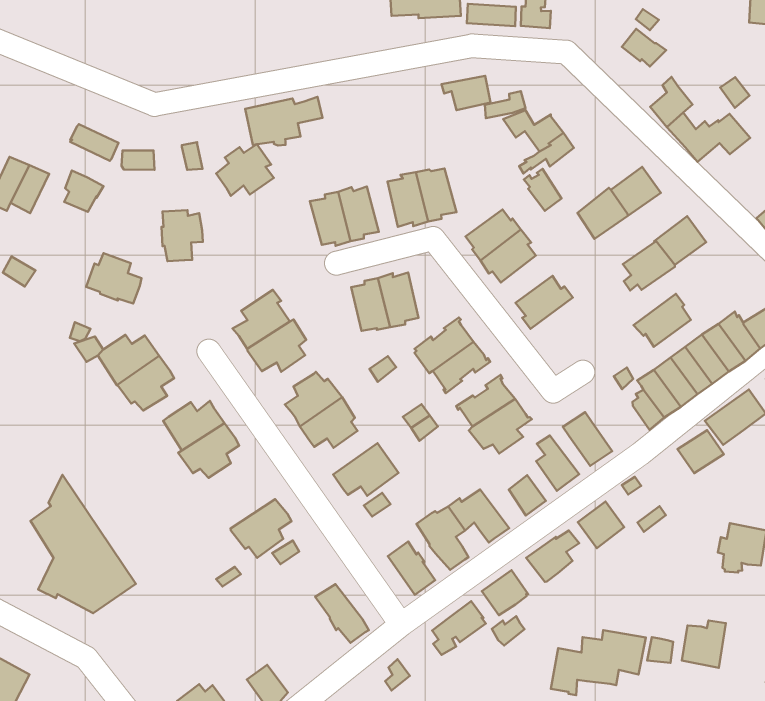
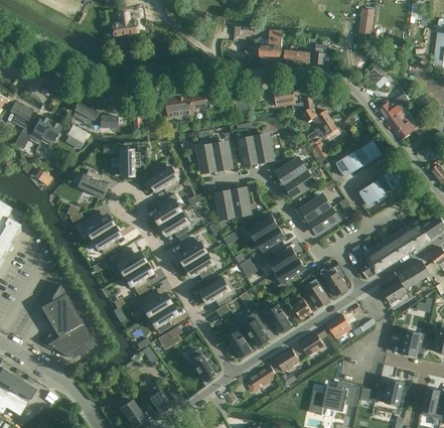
building: [216,144,274,196] -> [149,166,179,192]
building: [633,294,691,347] -> [308,206,338,234]
building: none -> [139,291,169,317]

